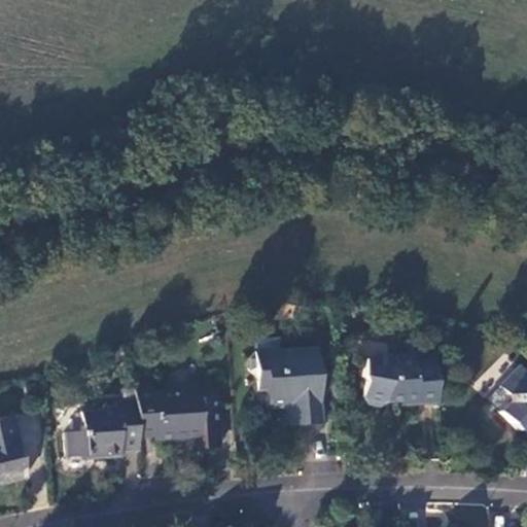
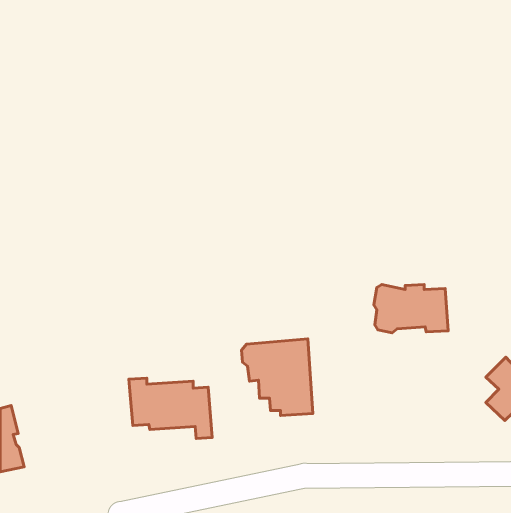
building: [364,356,441,406] -> [374,285,448,333]
building: [65,401,140,458] -> none

